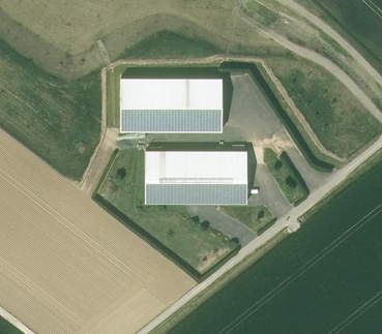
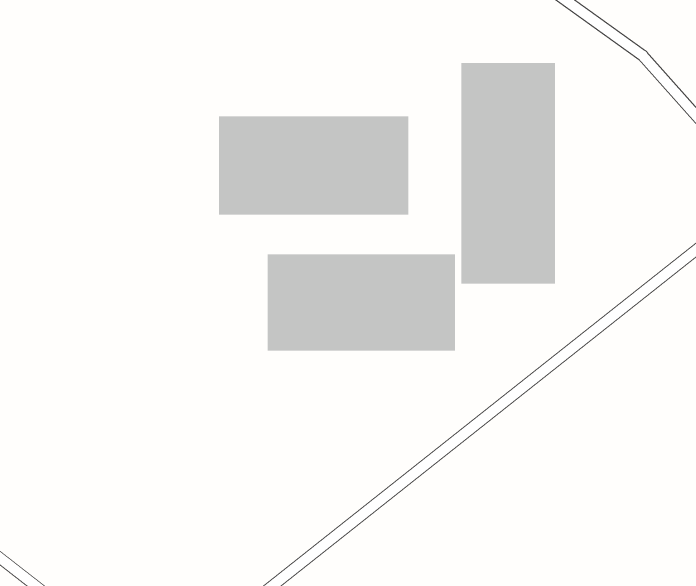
building: none -> [461,62,555,285]

